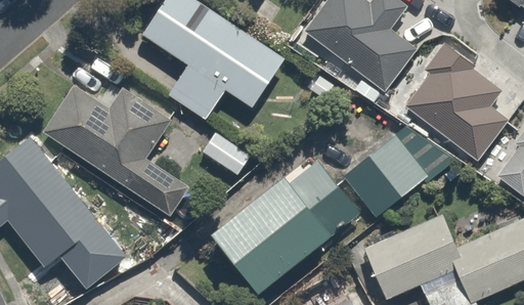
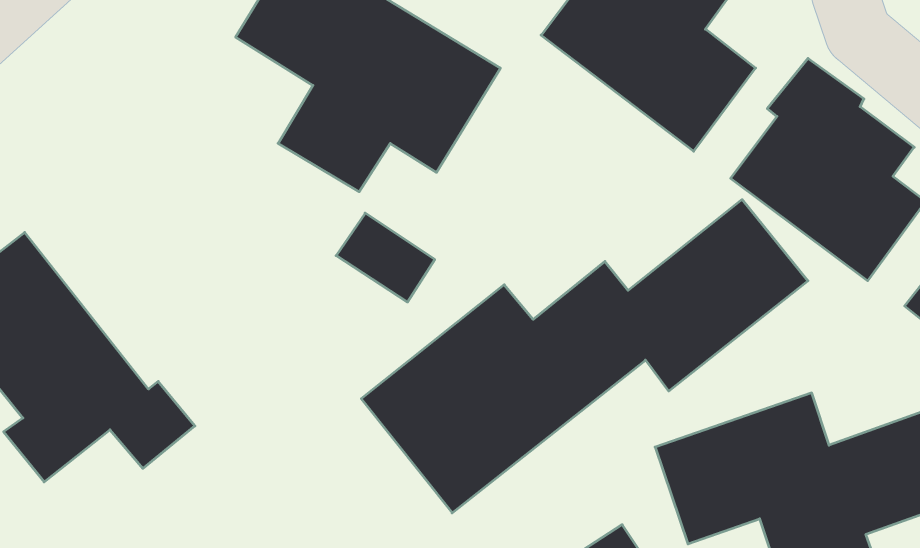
building: [42,86,185,214] -> none

